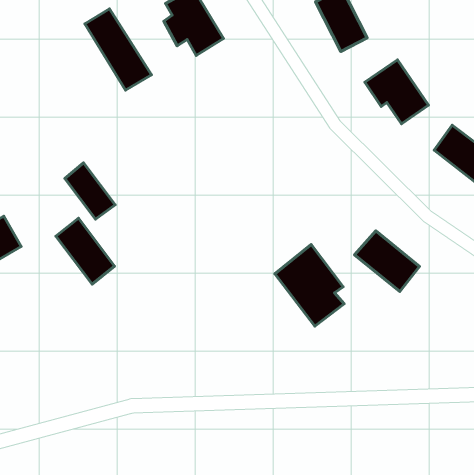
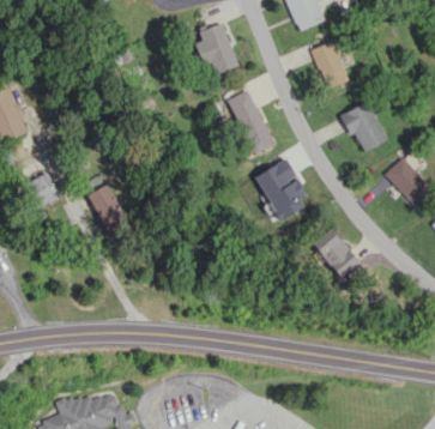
building: [85,9,152,90] -> [229,90,273,153]
building: [65,163,115,219] -> none
building: [275,244,344,326] -> [255,158,306,220]

